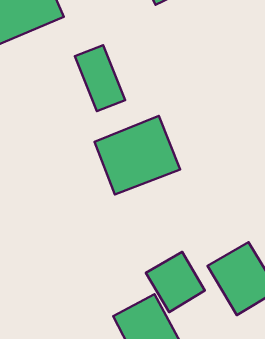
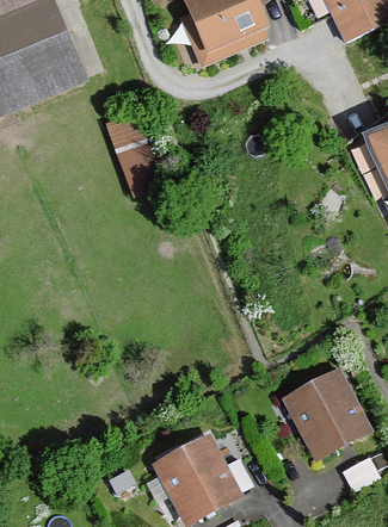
building: [94,116,180,195] -> none
building: [146,252,205,312] -> none

